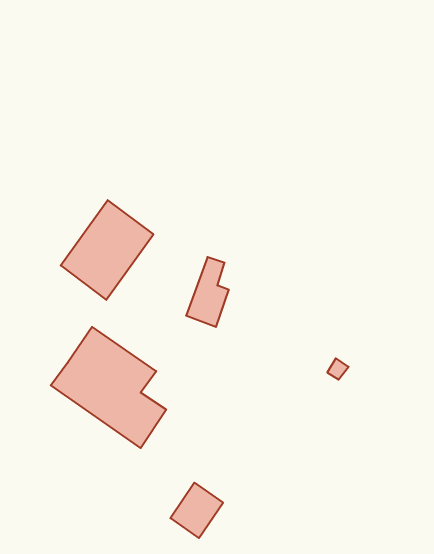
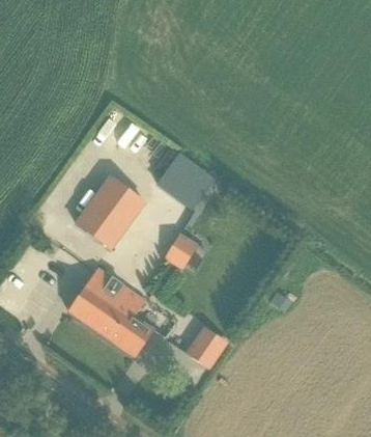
building: none -> [158,153,216,211]
building: [170,483,223,538] -> [188,328,226,368]

